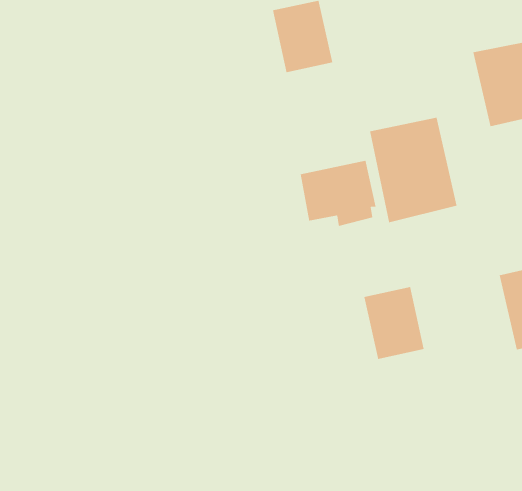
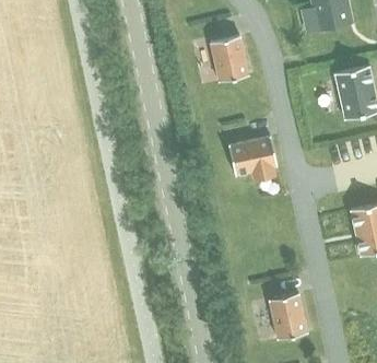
building: [369,117,457,223] -> none
building: [364,286,425,360] -> [268,292,306,338]

